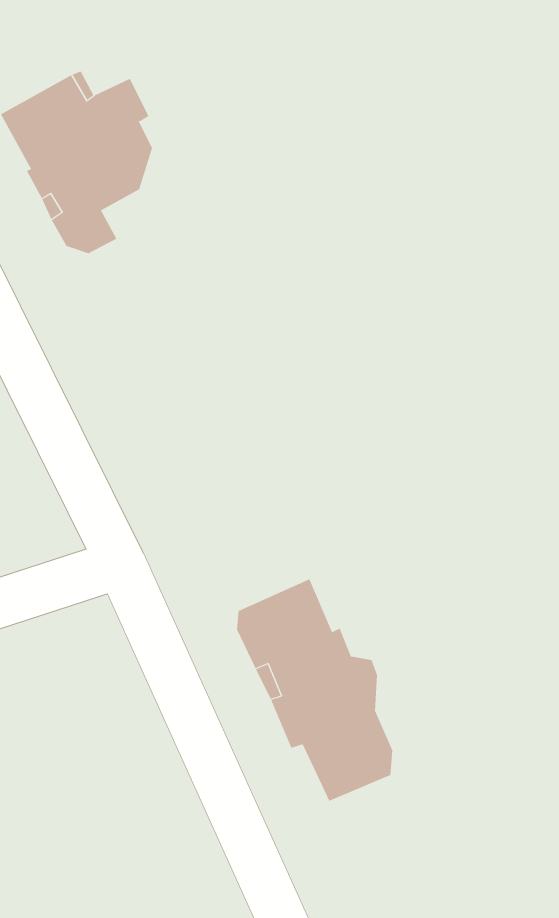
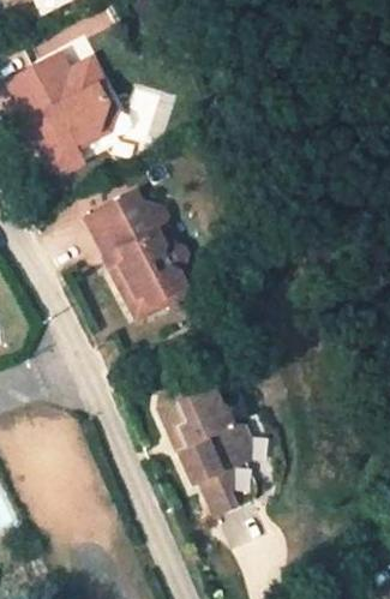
building: none -> [86,190,186,311]

